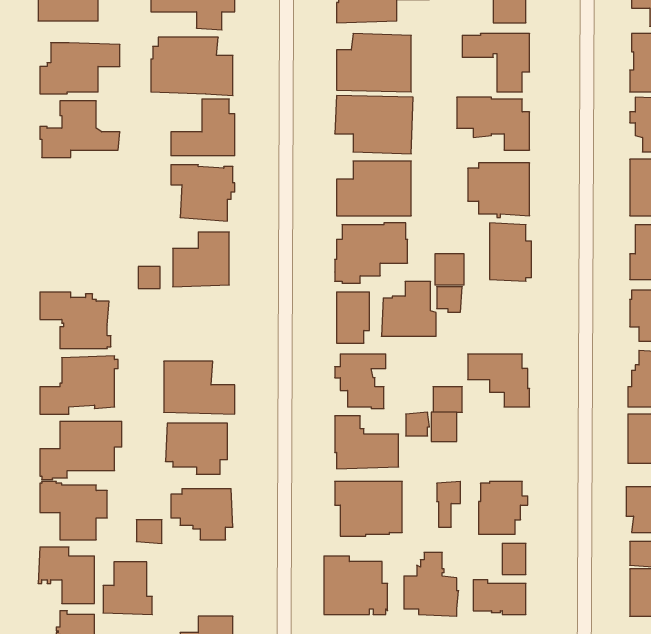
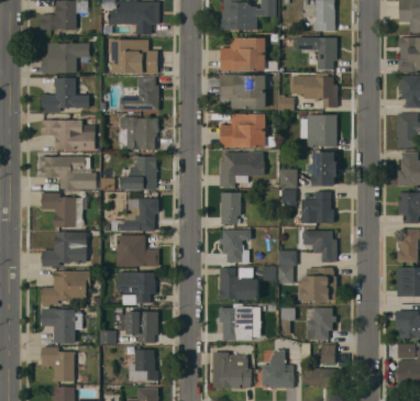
building: none -> [40,120,95,151]
building: none -> [38,156,96,189]
building: [381,282,436,336] -> [300,191,333,224]
building: none -> [117,198,157,232]
building: none -> [297,267,335,301]
building: [103,562,152,615] -> [128,349,157,381]

